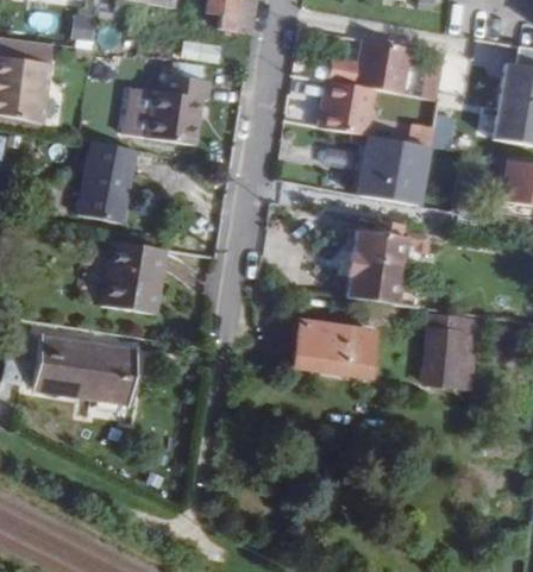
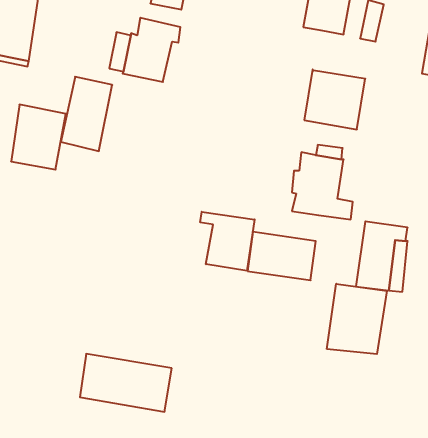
building: [320,78,376,133] -> none
building: [102,240,165,315] -> [11,105,66,170]
building: none -> [200,212,255,271]
building: [42,337,148,403] -> [80,354,172,412]
building: none -> [327,284,387,354]

